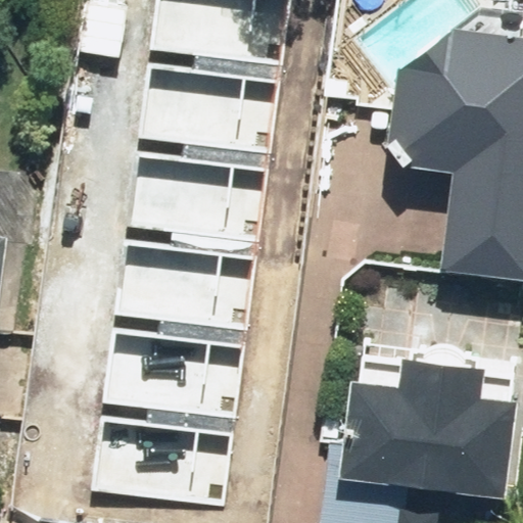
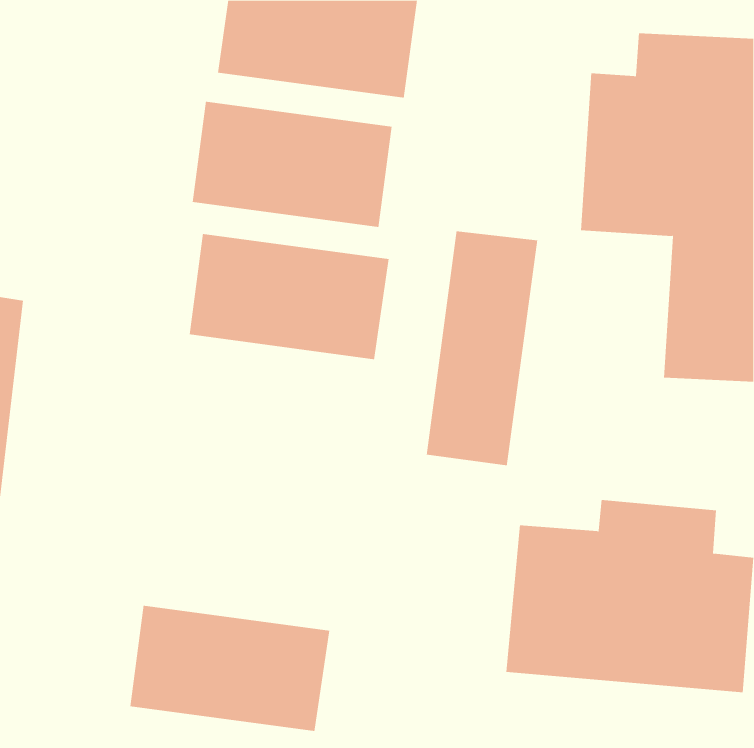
building: none -> [426,230,538,466]
building: [113,248,250,335] -> none
building: [95,339,233,426] -> none

